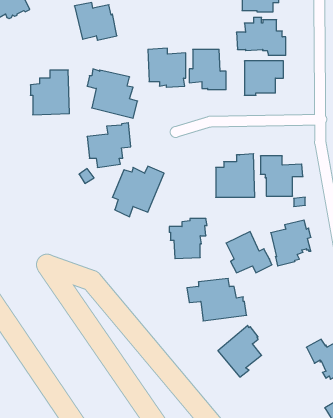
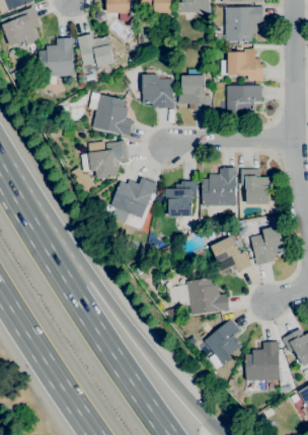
building: [30,70,69,115] -> [38,37,73,77]
building: [169,219,207,259] -> [164,181,198,216]
building: none -> [244,341,280,393]

